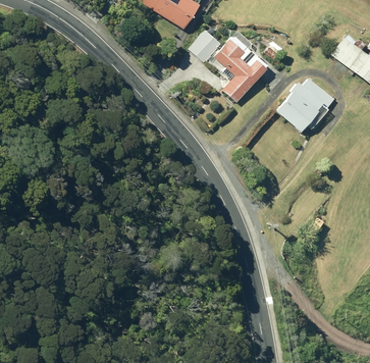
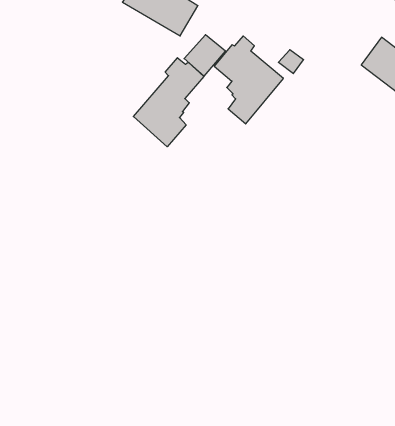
building: none -> [133,58,204,147]
building: [276,76,335,131] -> none

